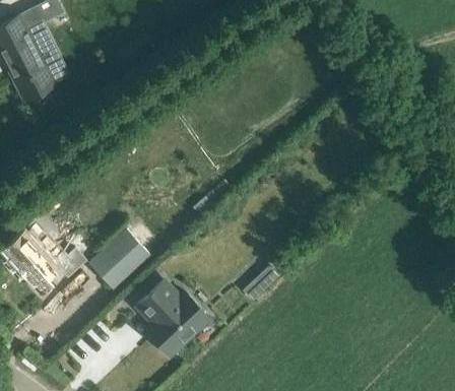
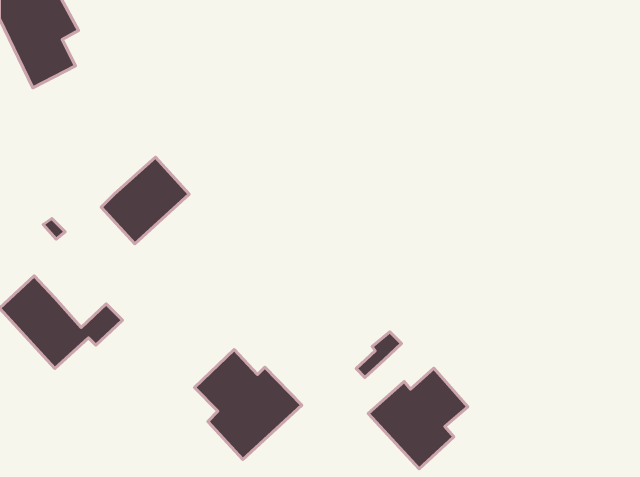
building: [89,229,150,288] -> [101,157,189,244]
building: none -> [368,368,468,469]

